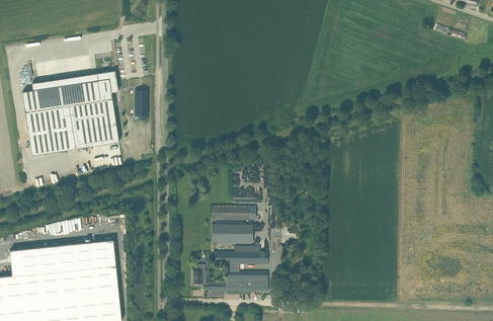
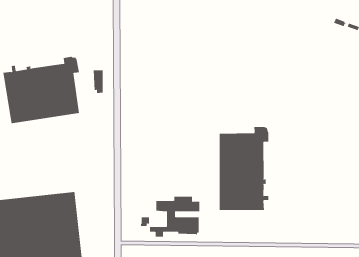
building: none -> [219,126,269,211]
building: [212,205,253,242] -> none

